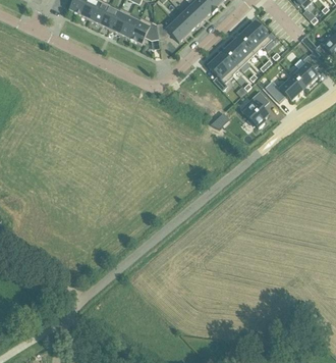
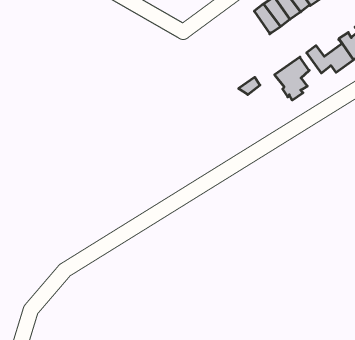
building: [207,58,233,91] -> none

